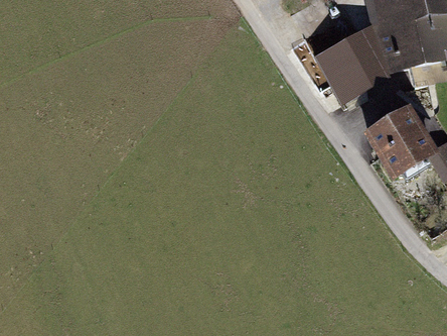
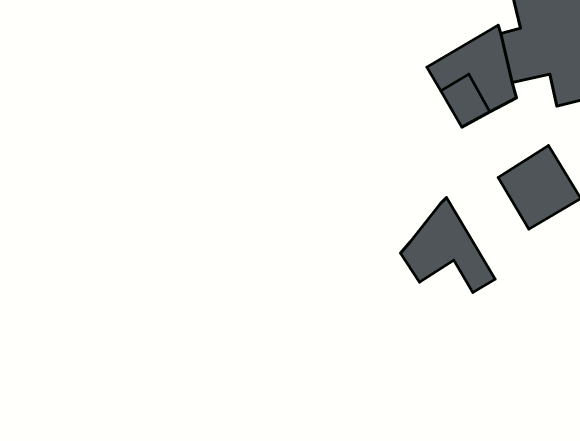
building: none -> [401,198,495,293]

